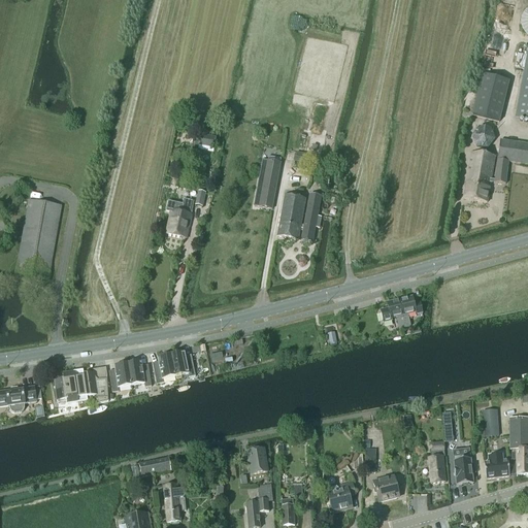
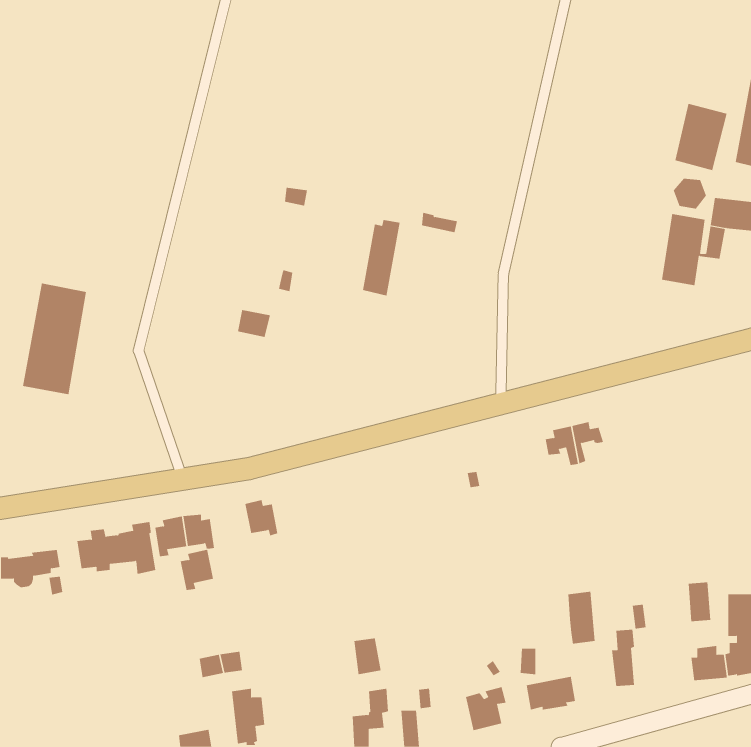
building: [278,192,322,240] -> none
building: [166,196,194,221] -> none
building: [153,353,176,382] -> [180,549,214,591]
building: [454,447,473,484] -> [568,591,596,644]

